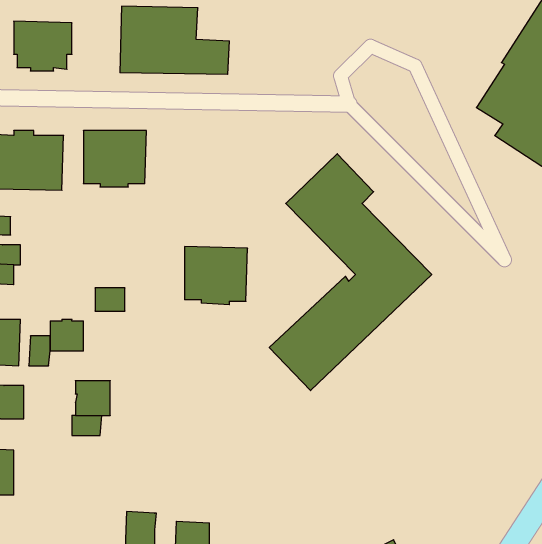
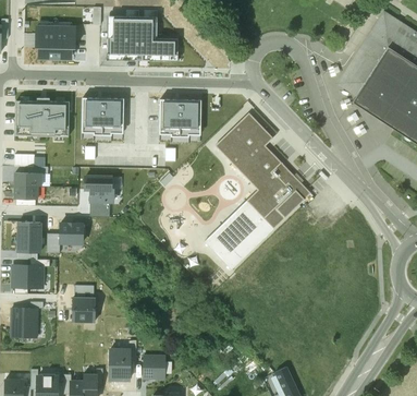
building: [185,247,248,305] -> [159,99,200,137]
building: none -> [85,177,113,202]
building: [75,381,110,415] -> [72,299,95,322]

